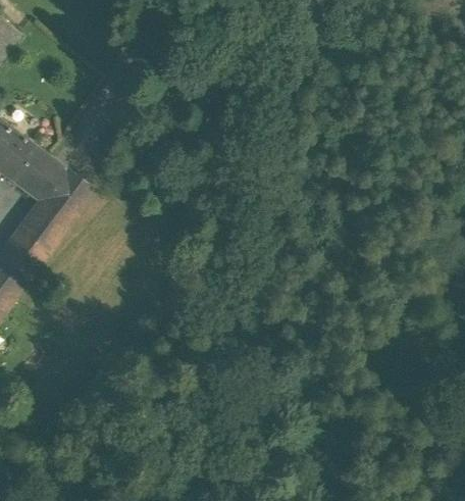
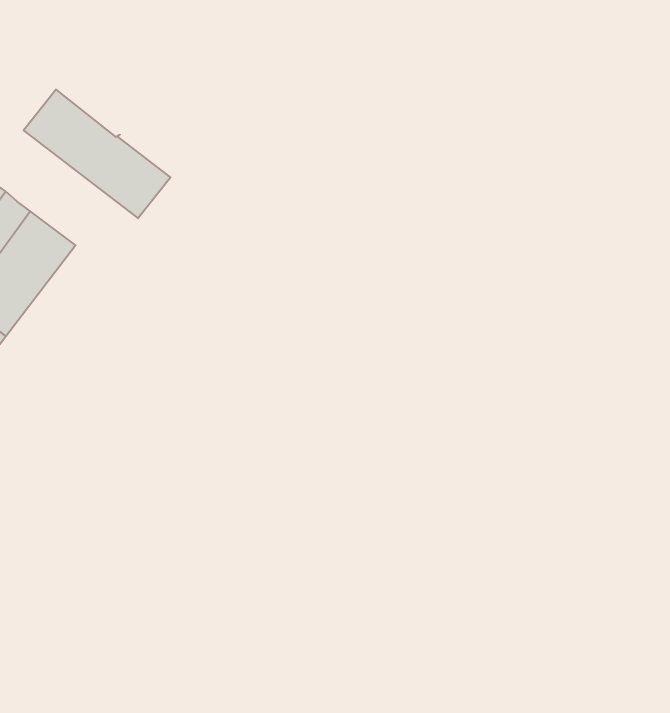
building: none -> [24,89,171,218]

